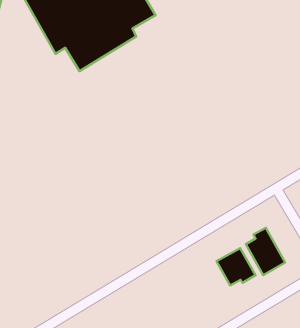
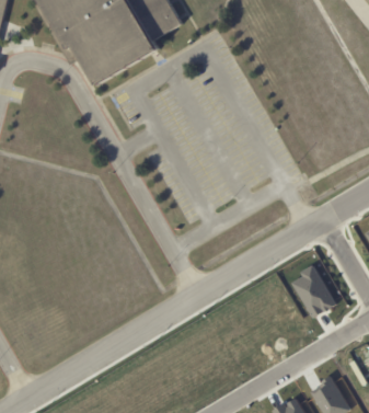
building: [216,248,256,286] -> none

